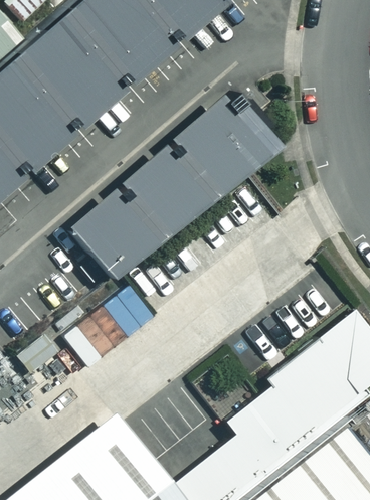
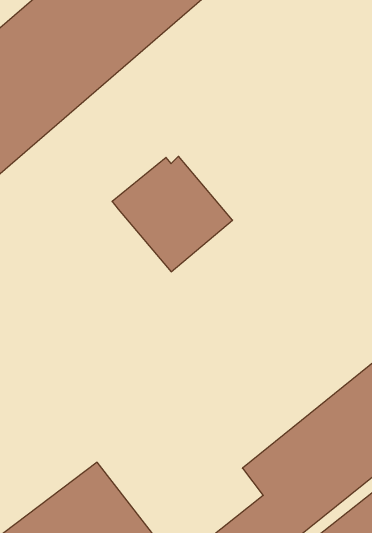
building: [174,98,284,202] -> none
building: [71,193,172,289] -> none

